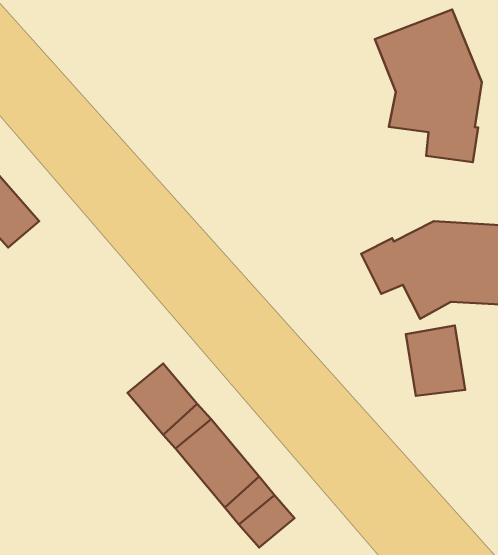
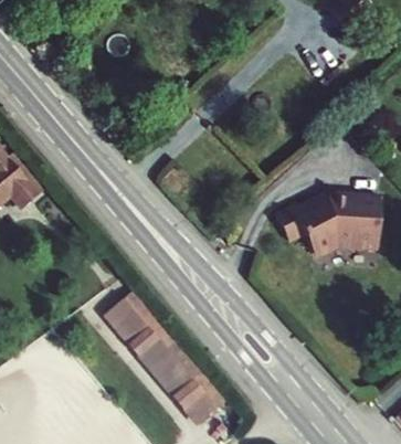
building: [375,9,482,162] -> none
building: [406,325,465,396] -> none

